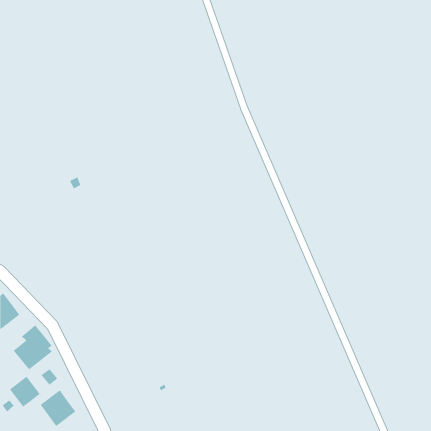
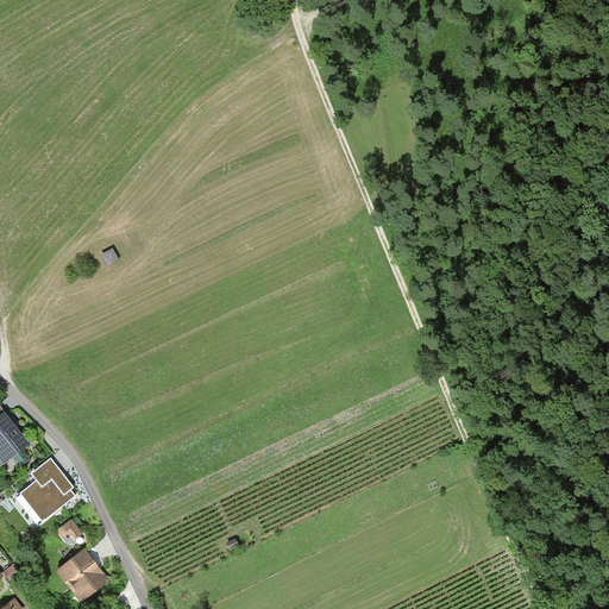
building: [9,376,40,408] -> none

